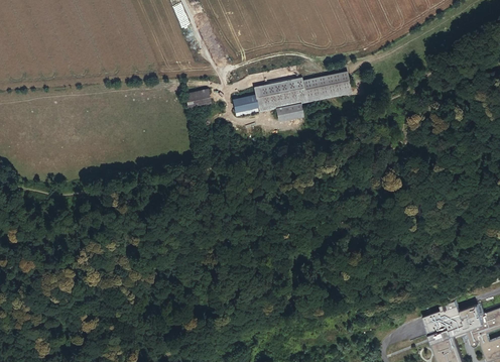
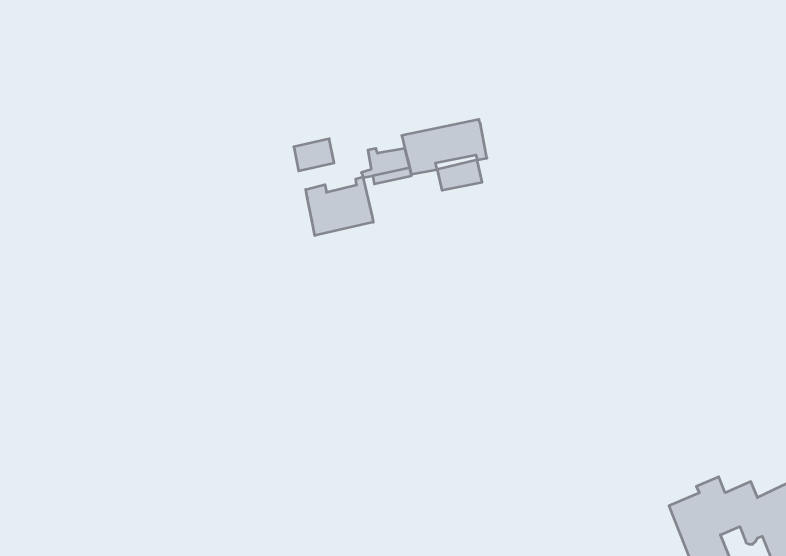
building: [302,72,351,102] -> none
building: none -> [306,177,373,236]

